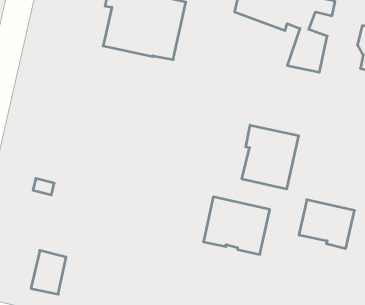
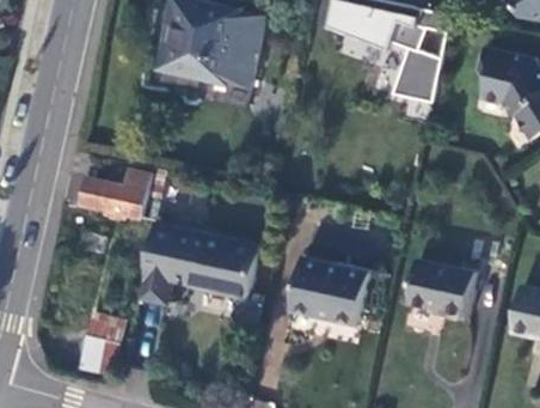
building: none -> [61,151,149,219]
building: [242,125,299,189] -> none
building: none -> [140,223,271,324]

